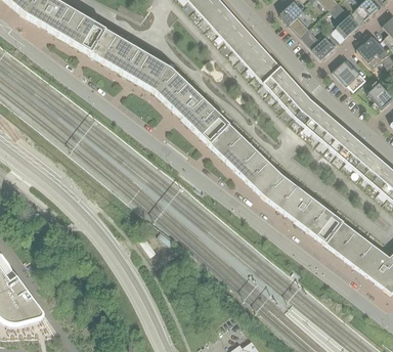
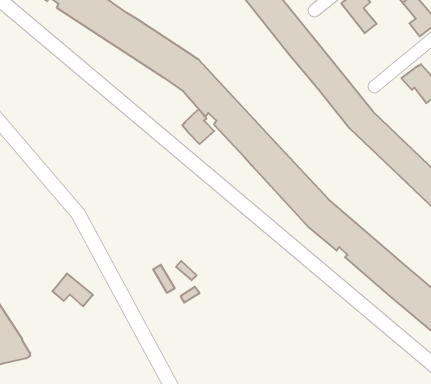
building: [299,28,334,58] -> none
building: none -> [182,109,214,144]
building: none -> [52,273,93,306]

